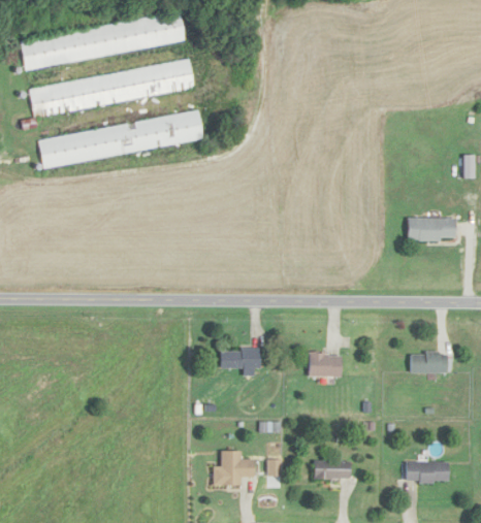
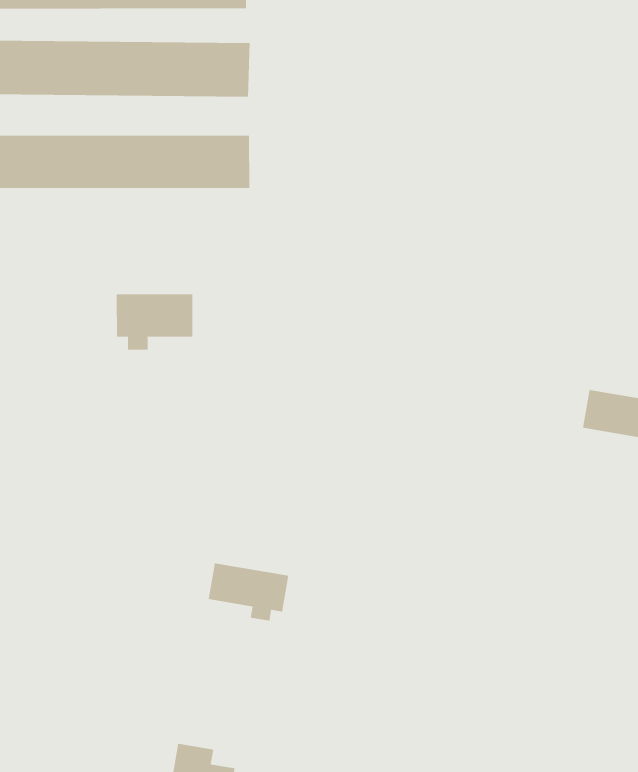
building: none -> [116,294,193,351]
building: [408,352,444,372] -> none
building: [310,354,344,377] -> none

